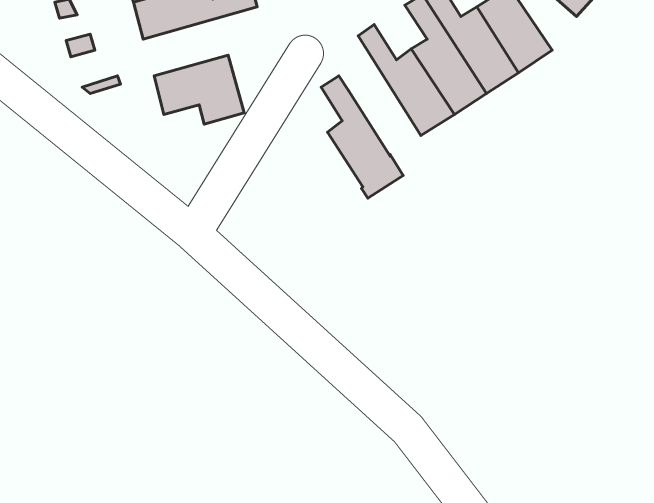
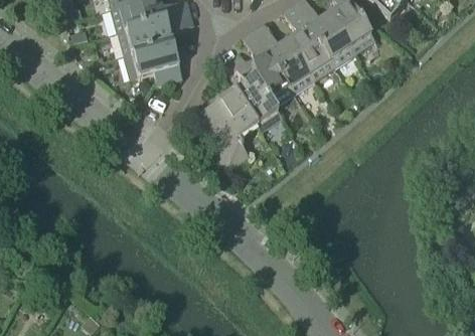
building: none -> [118,13,192,56]
building: none -> [242,31,292,107]
building: none -> [191,92,256,171]

